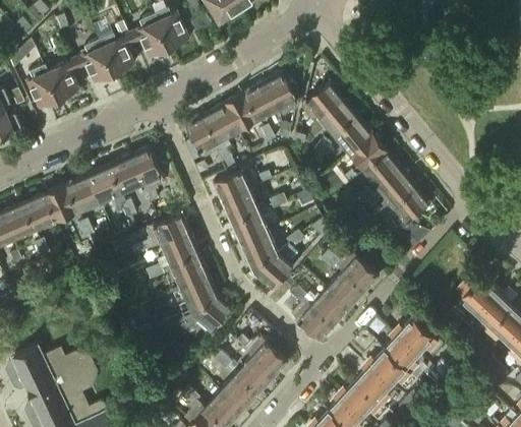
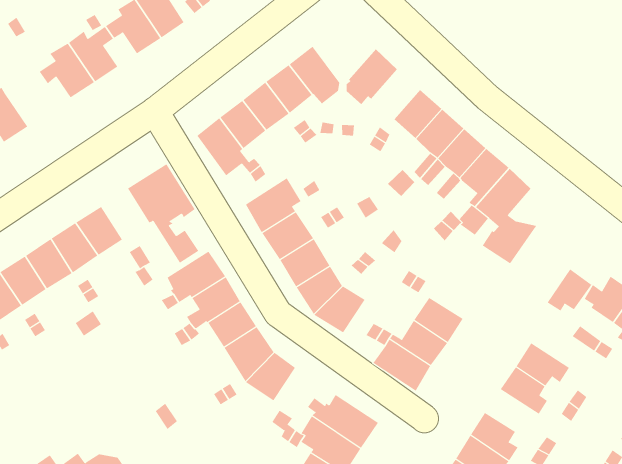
building: [47,60,79,100] -> none
building: [321,100,358,136] -> none
building: [106,158,139,195] -> none
building: [341,256,380,294] -> none
building: none -> [547,269,592,312]
building: [369,351,410,384] -> none

